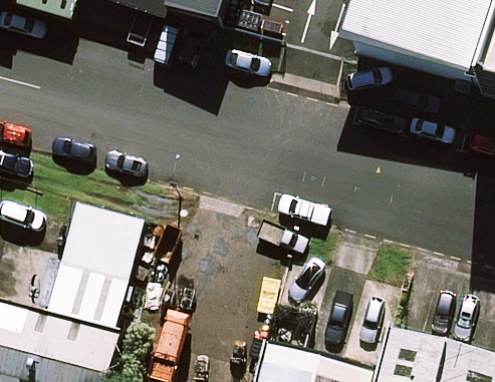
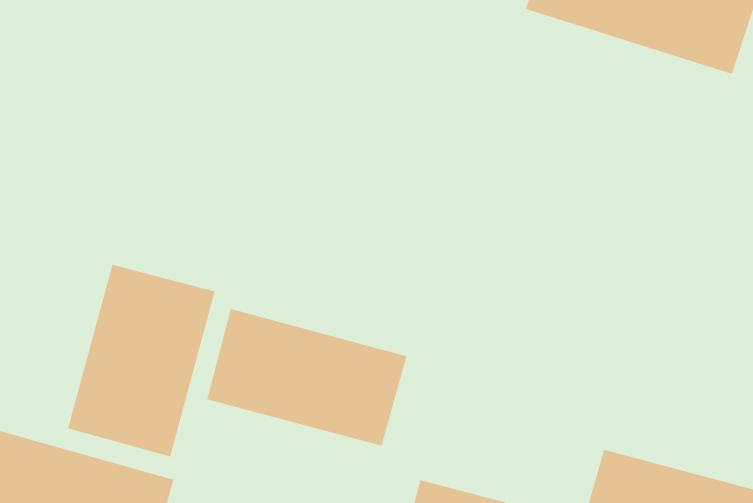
building: none -> [207,308,407,447]

